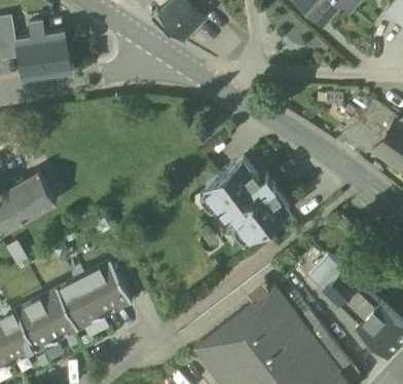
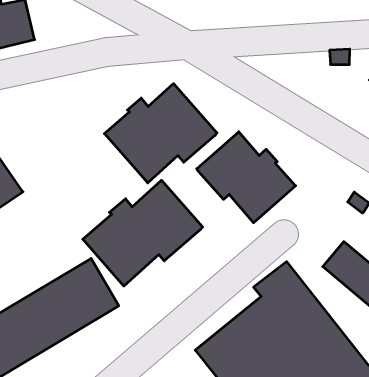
building: none -> [104,84,217,183]
building: none -> [83,180,203,286]

